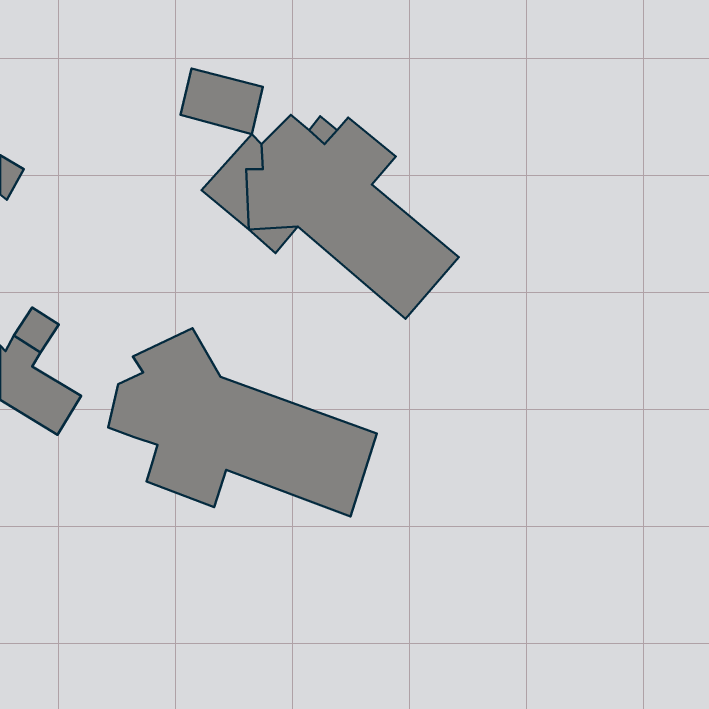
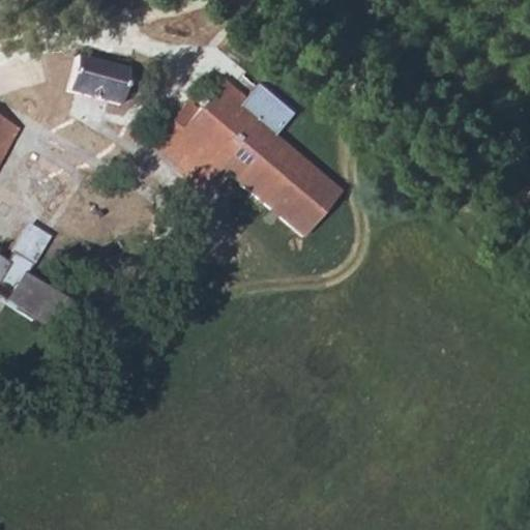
building: [180,69,263,134] -> [68,54,129,102]
building: [108,328,377,516] -> none

